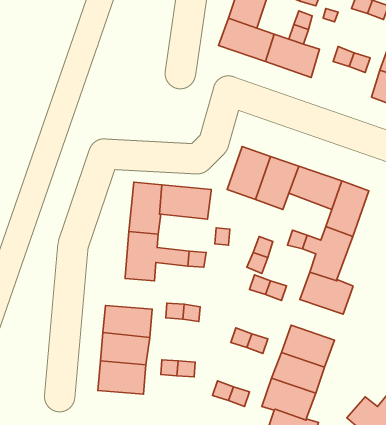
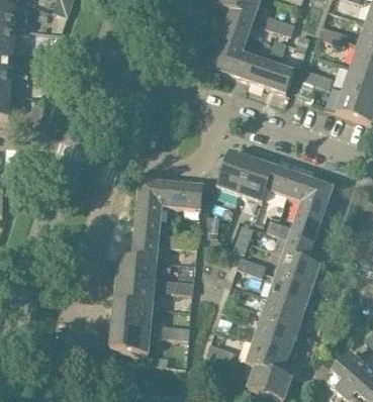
building: none -> [116,256,157,283]
building: none -> [269,275,311,308]

